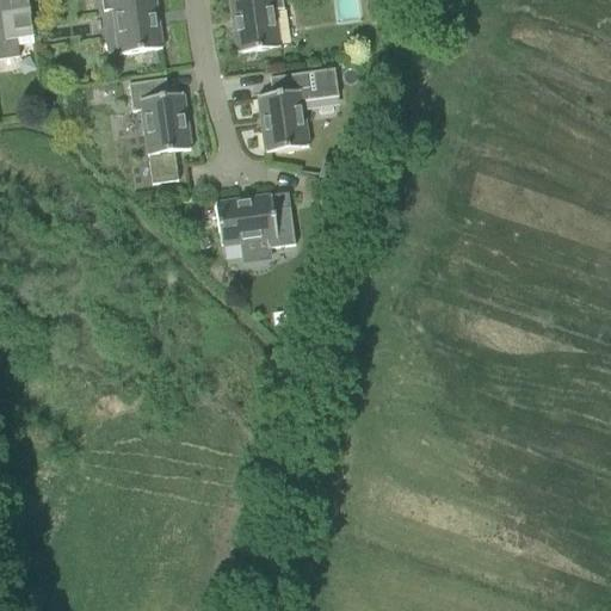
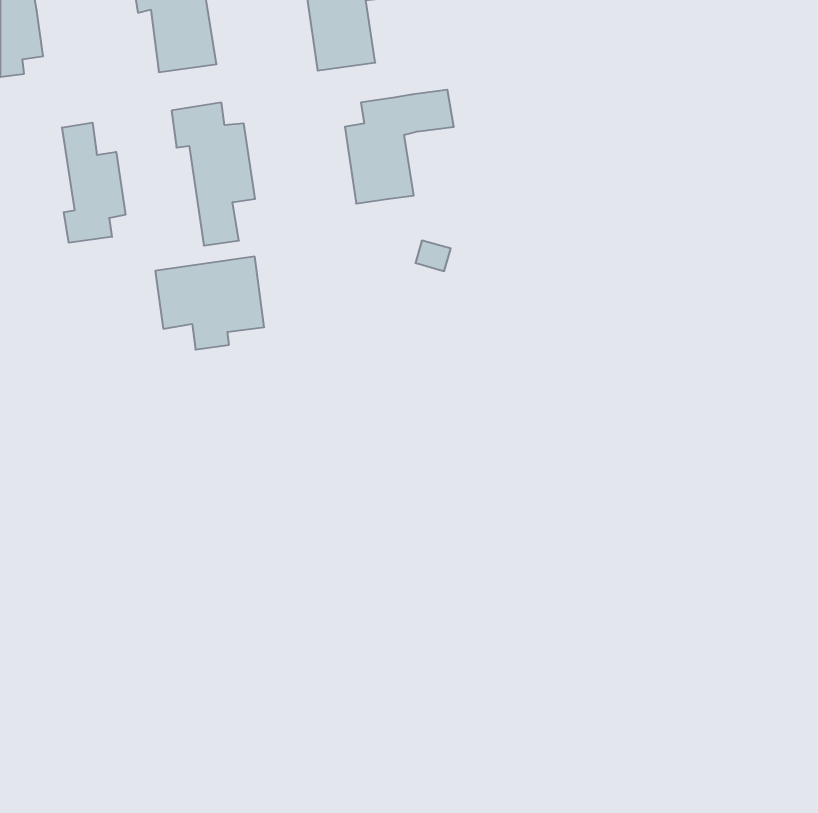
building: none -> [62,123,125,243]
building: [215,191,296,260] -> [155,257,264,350]

